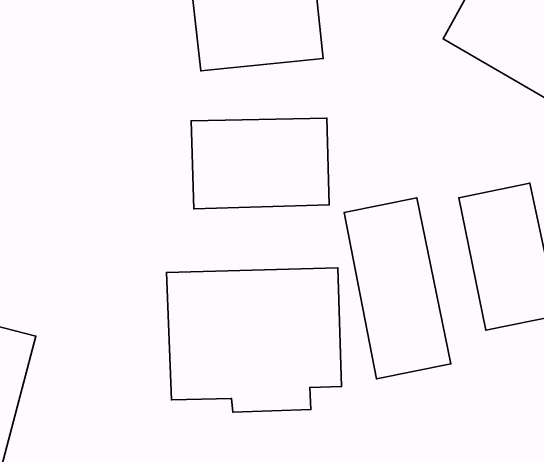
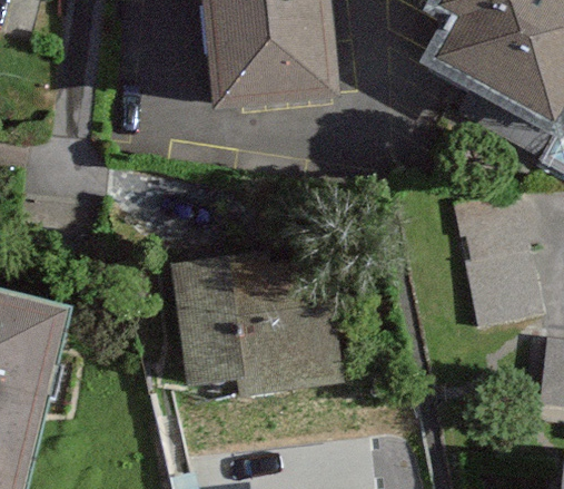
building: [191,118,329,209] -> none
building: [344,198,451,379] -> none

